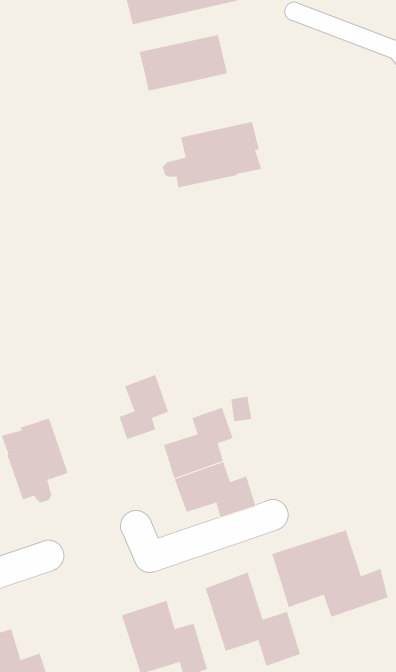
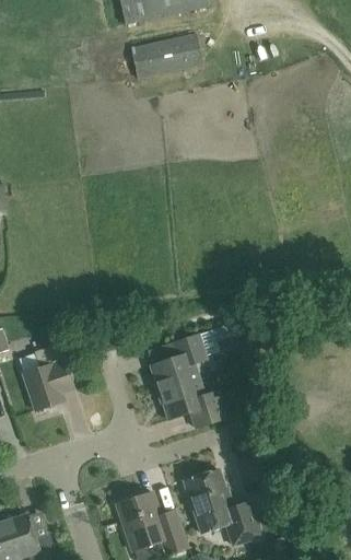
building: [162,121,262,188] -> none
building: [119,374,169,440] -> none
building: [271,530,388,617] -> none

